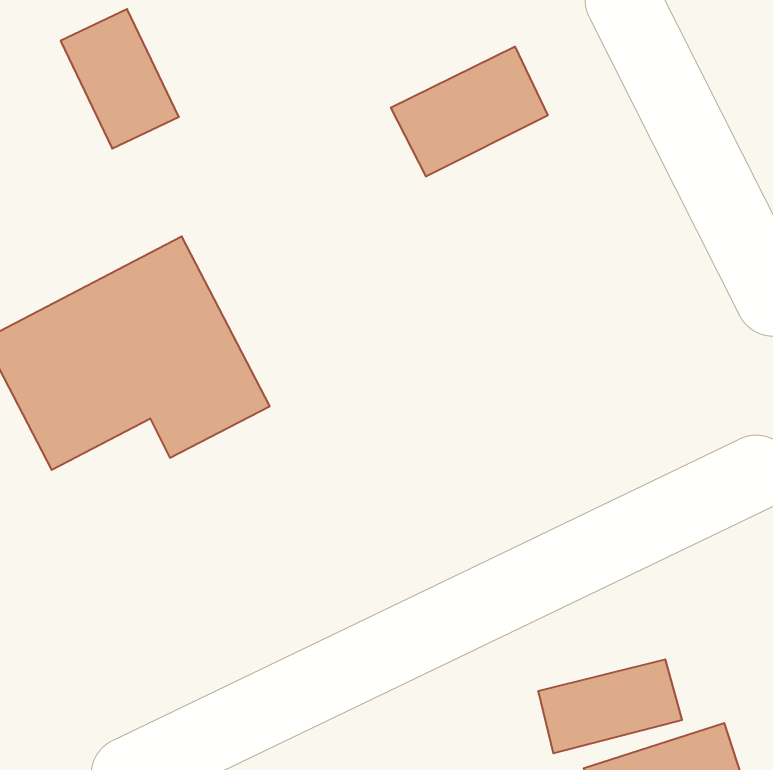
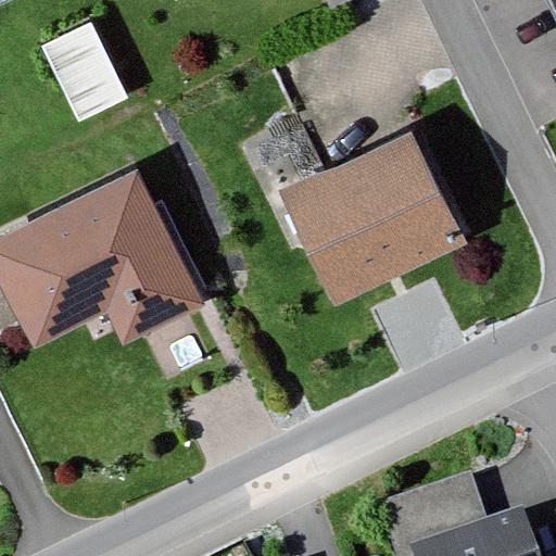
building: [391,47,548,177] -> none
building: none -> [286,139,452,296]

